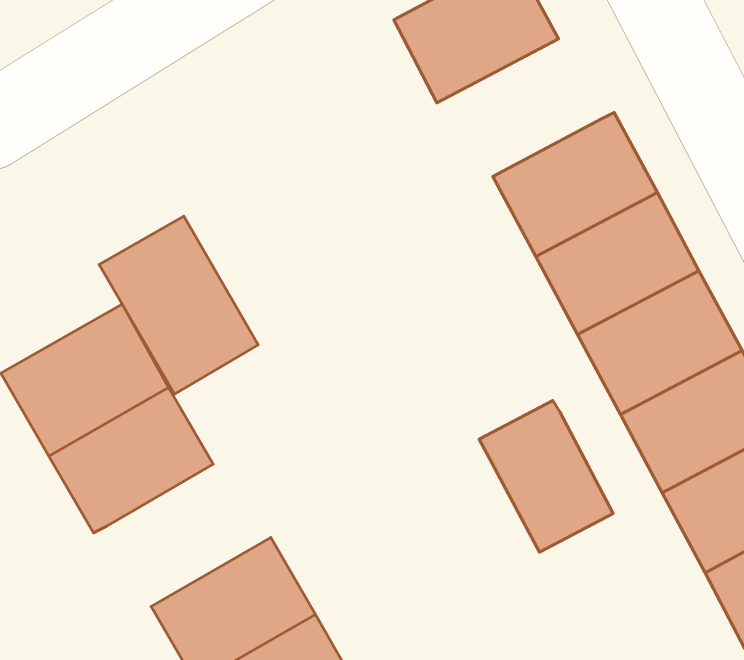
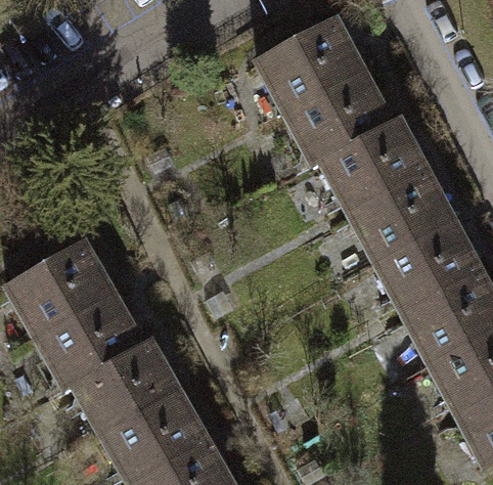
building: none -> [286,73,392,165]
building: [99,216,258,394] -> none
building: [479,401,613,552] -> none
building: none -> [75,341,180,436]

